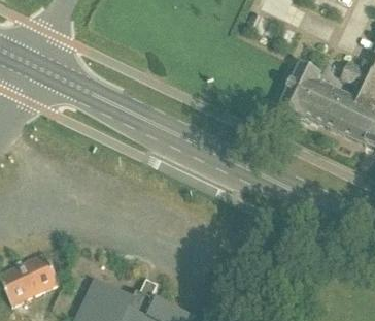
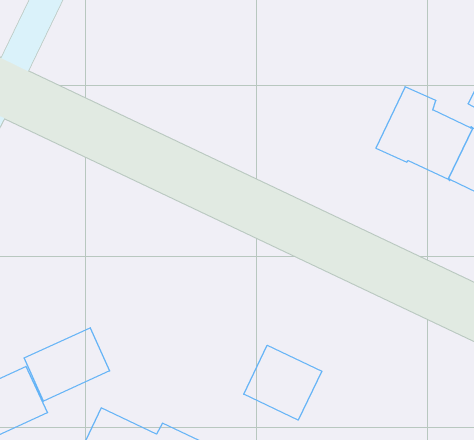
building: none -> [24,328,110,401]
building: none -> [244,345,322,420]

